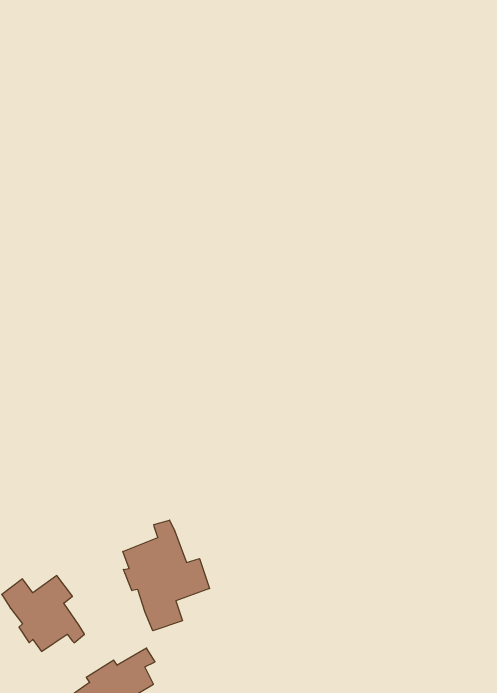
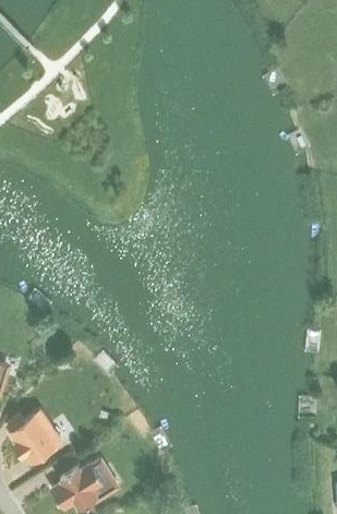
building: [123,520,210,631] -> none

